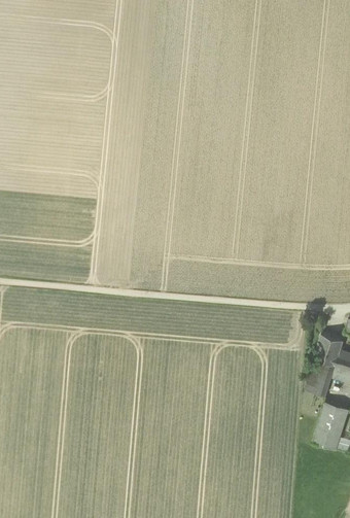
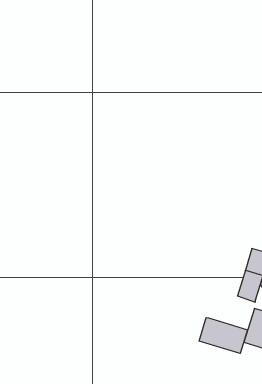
building: none -> [199,318,248,353]

